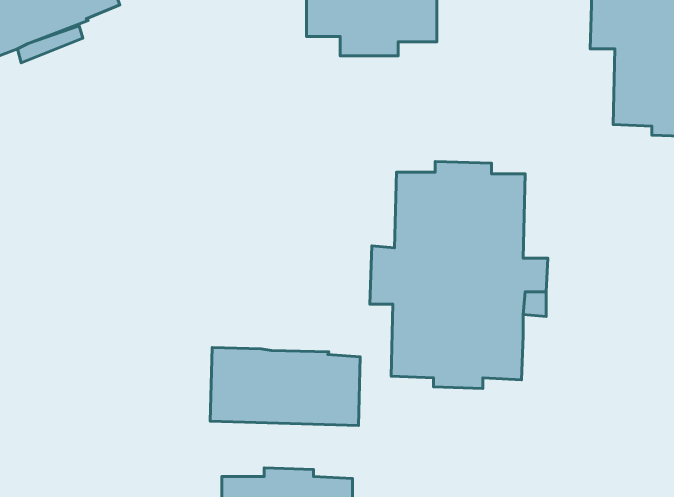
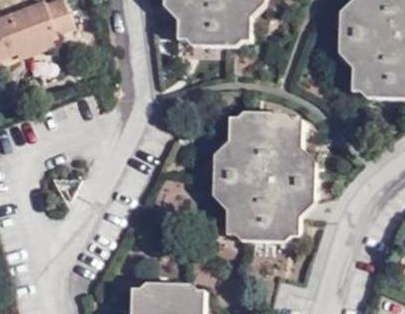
building: [210,348,360,426] -> none

